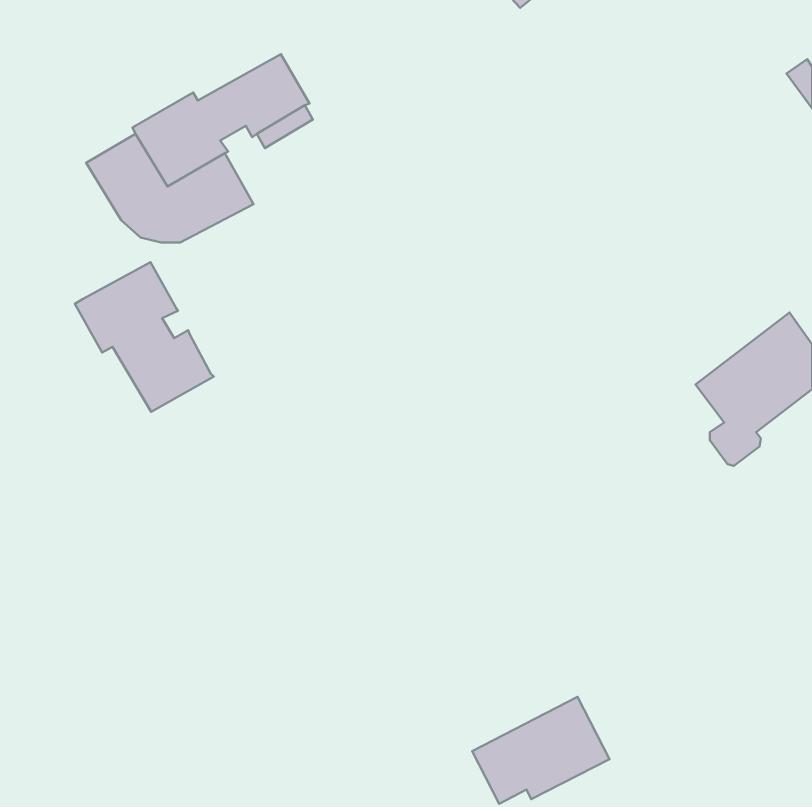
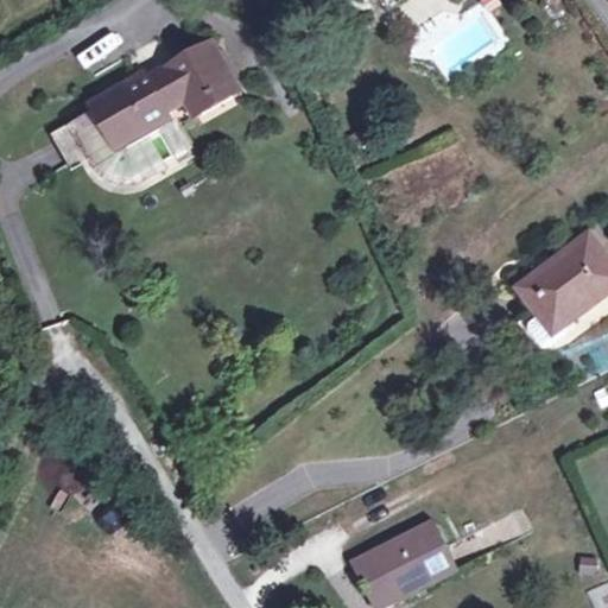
building: [75,262,214,412] -> none

